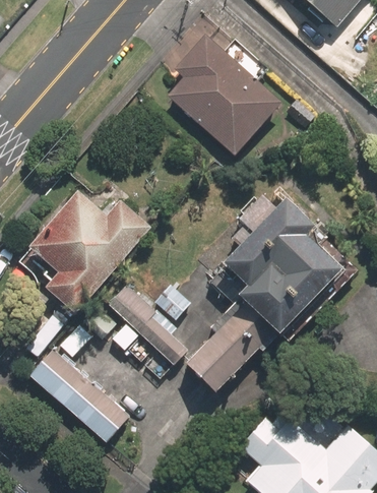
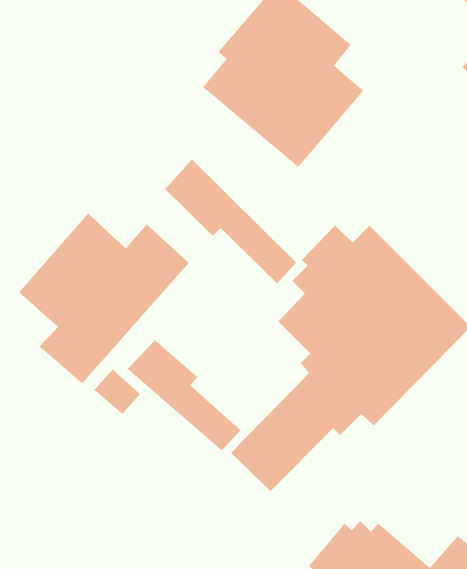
building: none -> [164,158,297,284]
building: [28,349,130,443] -> none

